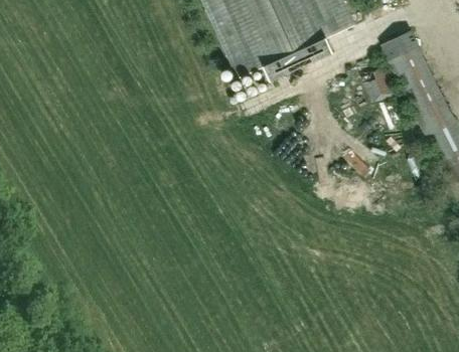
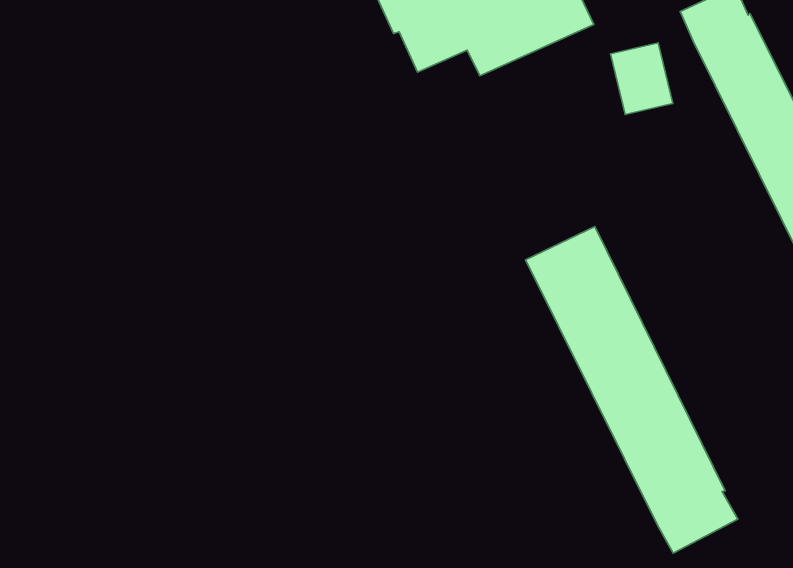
building: none -> [525,227,738,553]

